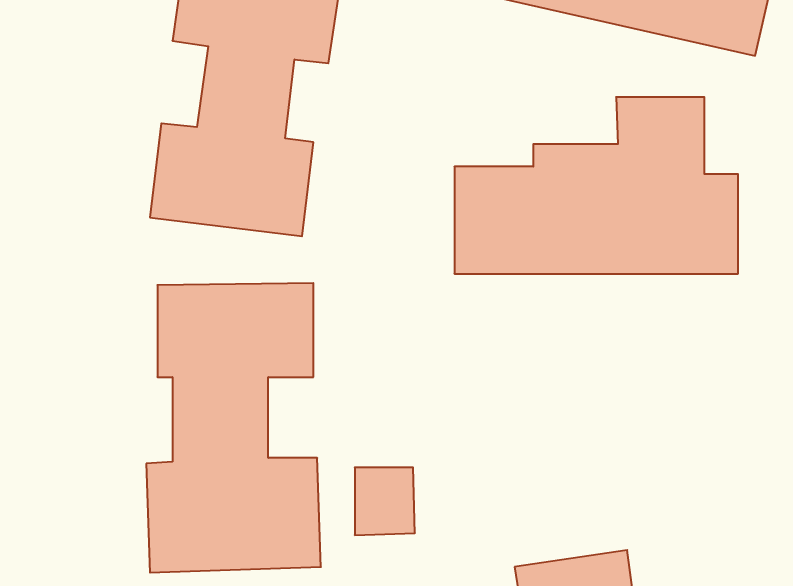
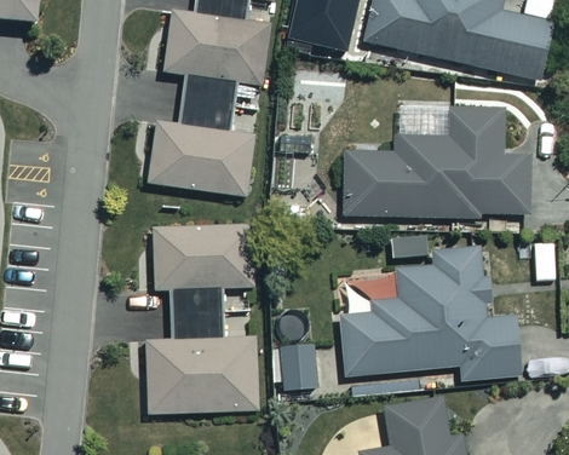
building: none -> [339,250,518,382]

